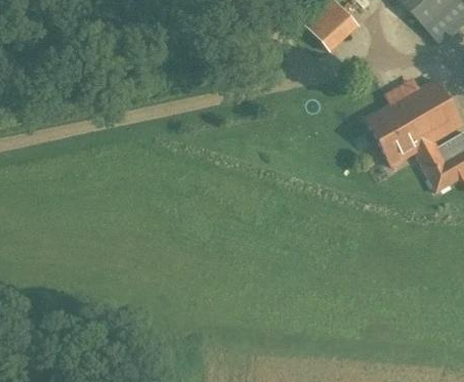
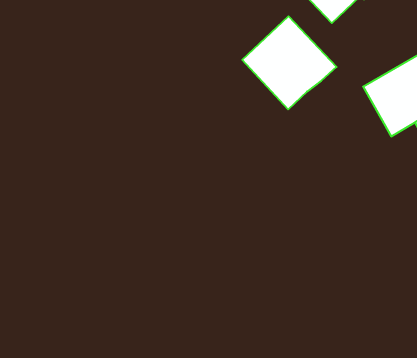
building: none -> [242,16,337,109]

